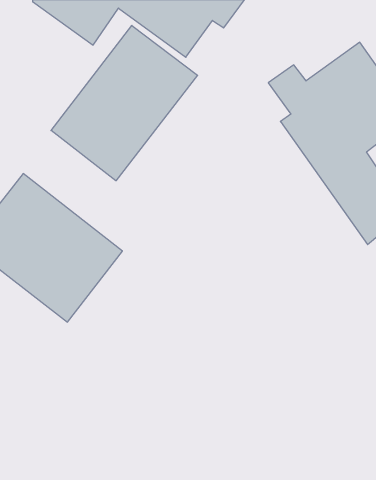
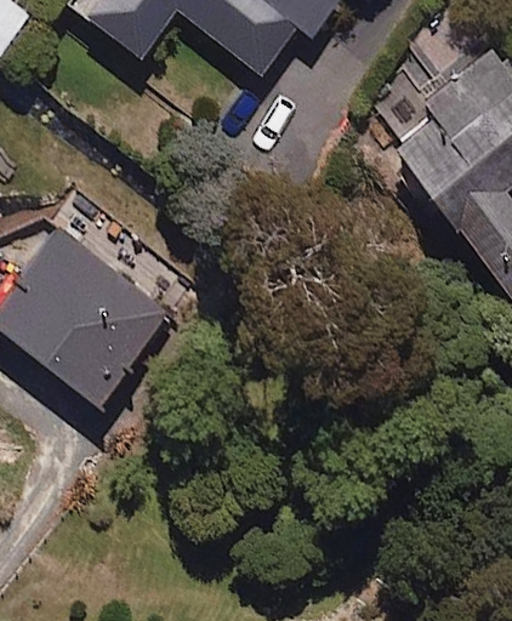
building: [51,25,198,181] -> none

